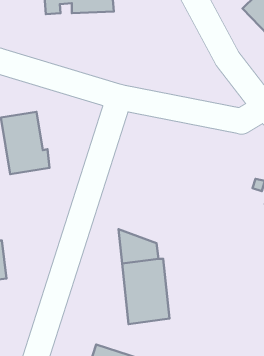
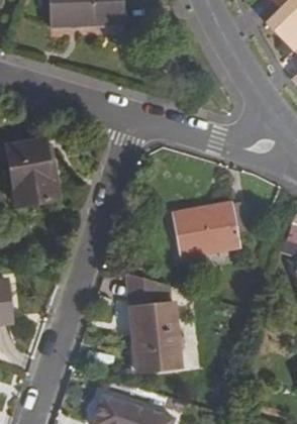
building: none -> [173,198,254,254]

